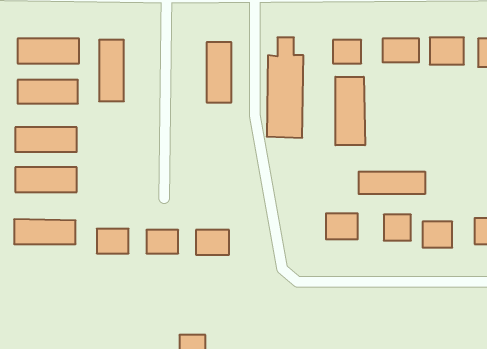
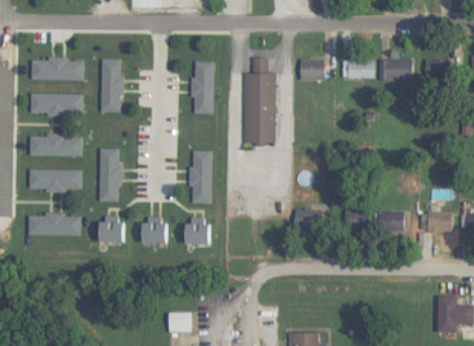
building: [335,77,365,145] -> none
building: none -> [98,149,119,201]
building: none -> [191,151,211,203]
building: [359,172,425,194] -> none

